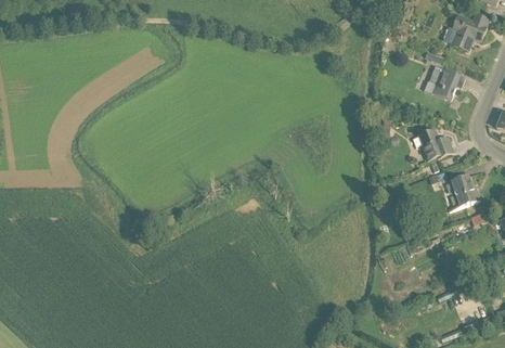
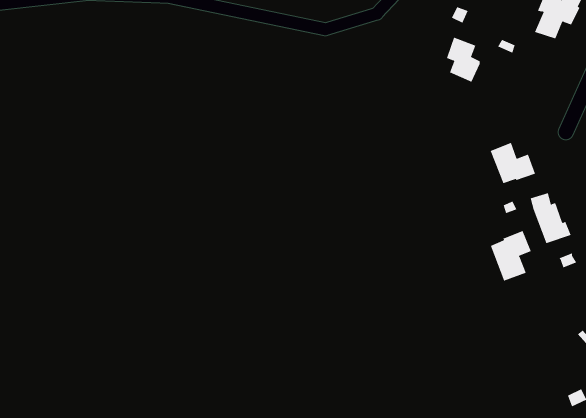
building: [429,65,455,100] -> [446,37,481,83]
building: none -> [490,230,532,281]

